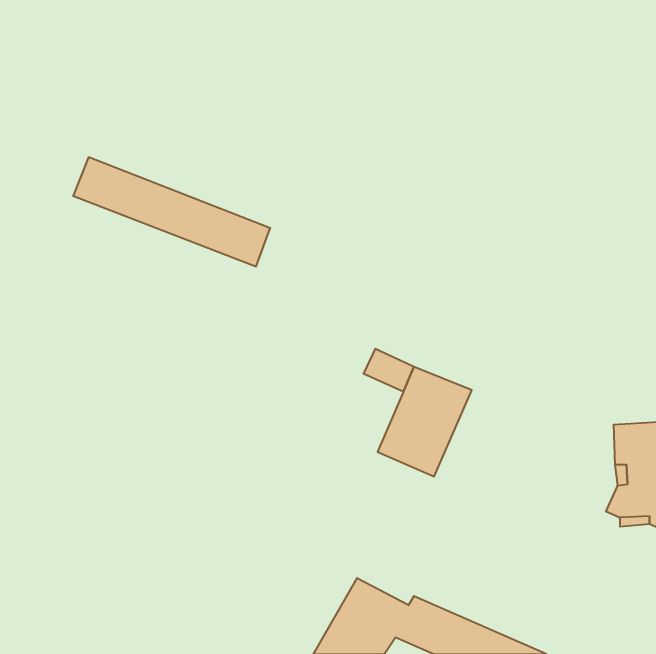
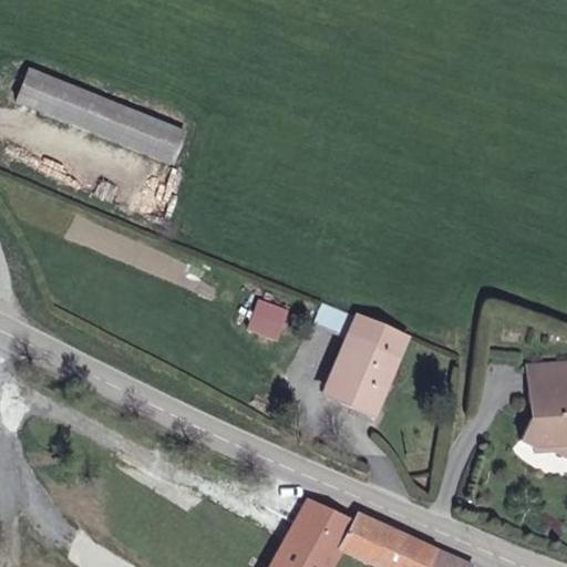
building: [73,157,270,267] -> [17,70,186,164]
building: none -> [249,293,291,337]

